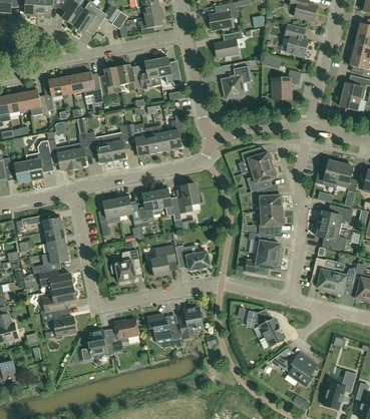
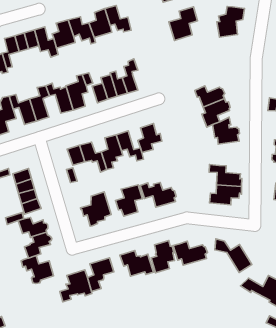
building: [259,210,285,236] -> none
building: none -> [173,241,208,265]

